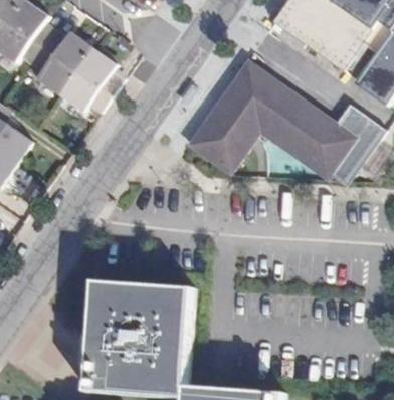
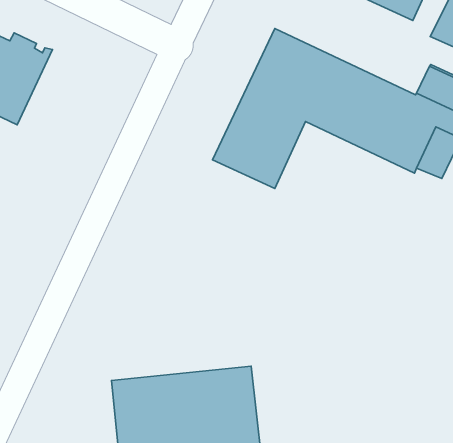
building: [59,47,123,112] -> none

